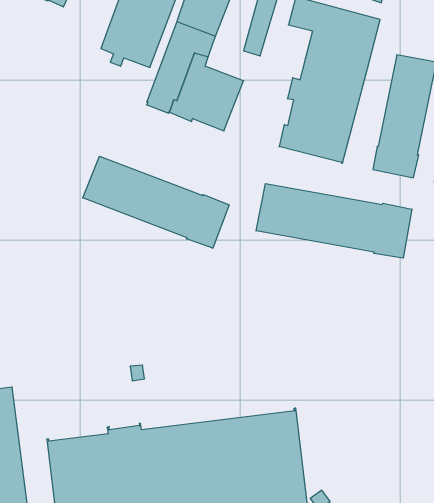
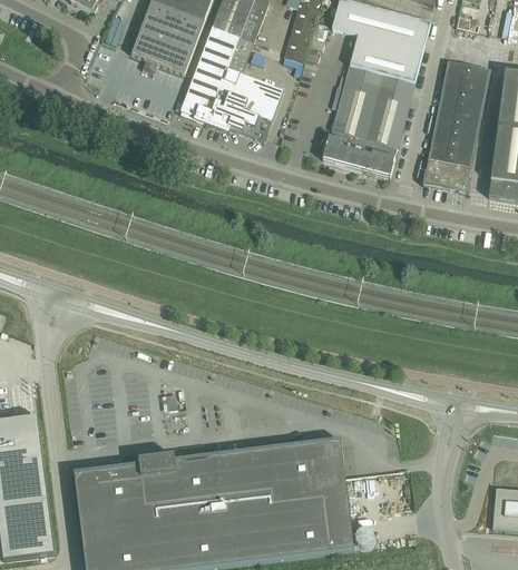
building: [83,156,229,248] -> none
building: [256,184,412,258] -> none

